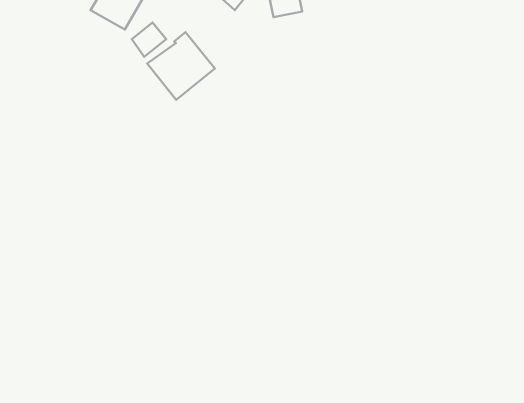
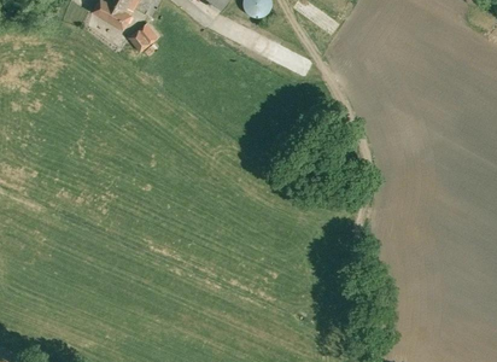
building: [147,32,215,100] -> none

